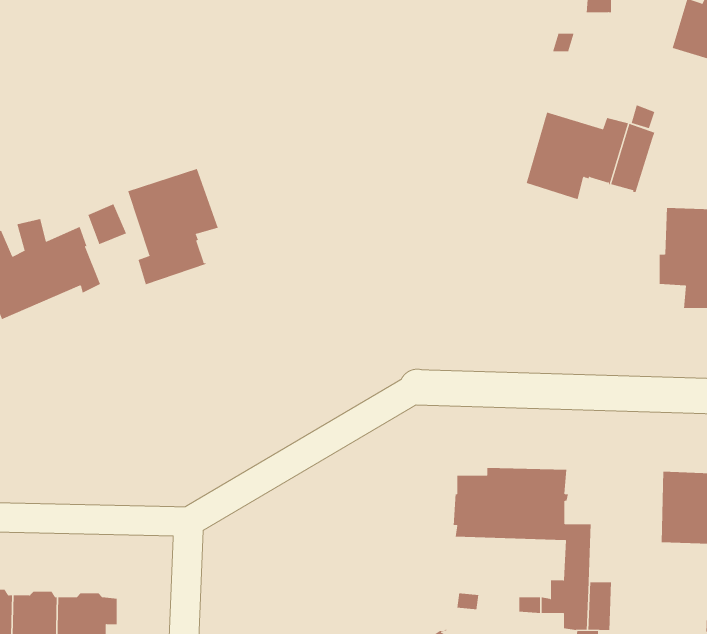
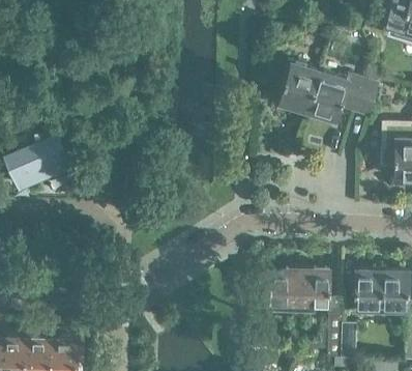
building: none -> [279,63,319,111]
building: [127,168,219,285] -> none
building: none -> [355,270,383,310]

